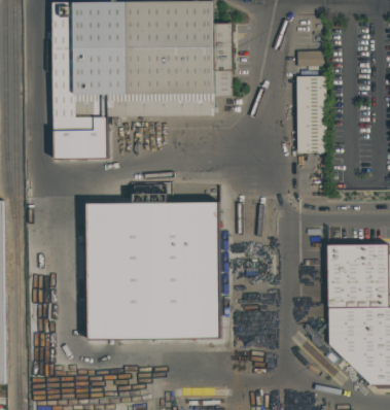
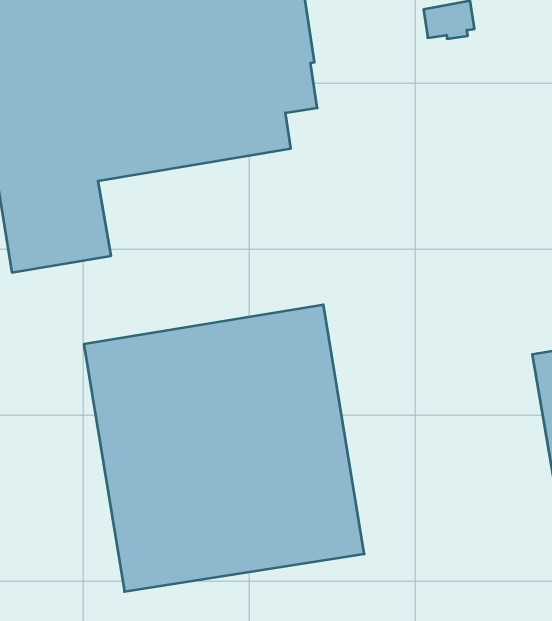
building: [295,76,325,151] -> none

